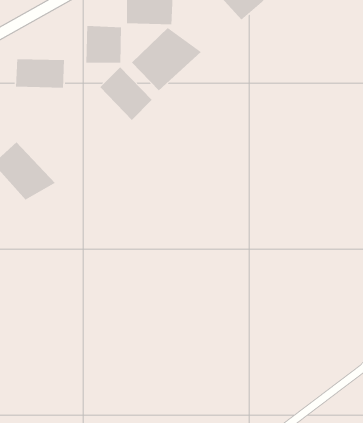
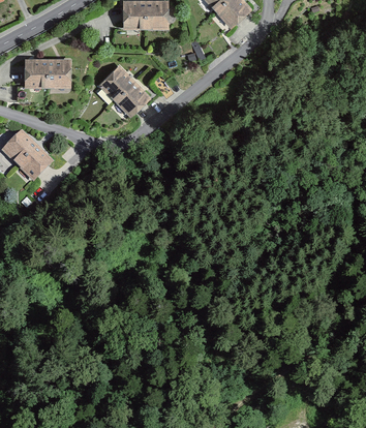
building: [86,25,122,64] -> none
building: [131,27,202,91] -> none

